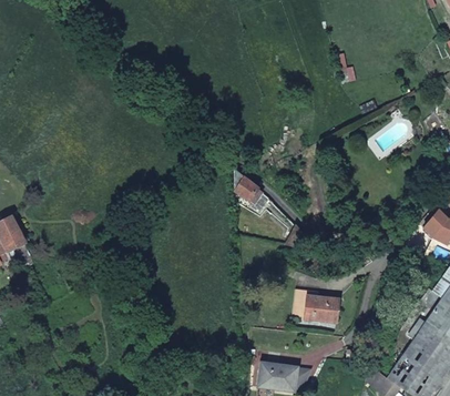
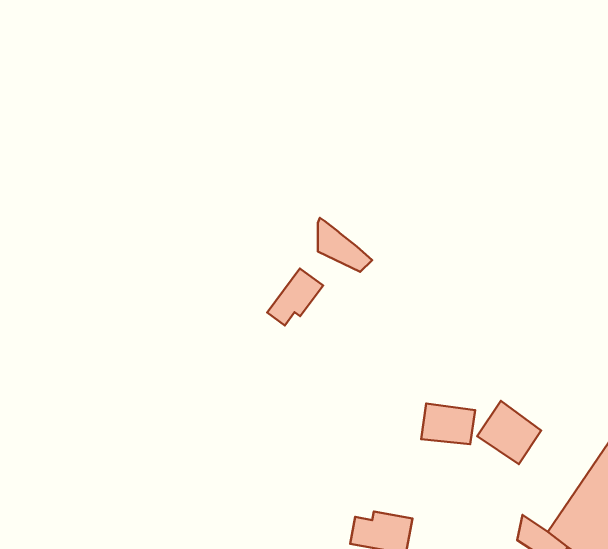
building: none -> [267,269,323,326]
building: none -> [477,401,541,464]

